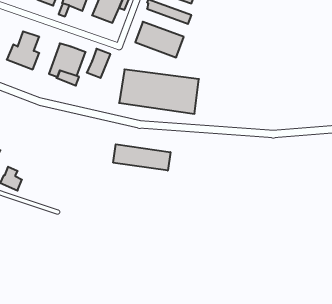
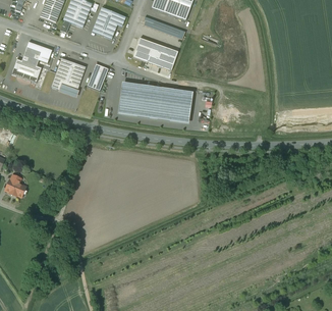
building: [113,144,170,171] -> none

